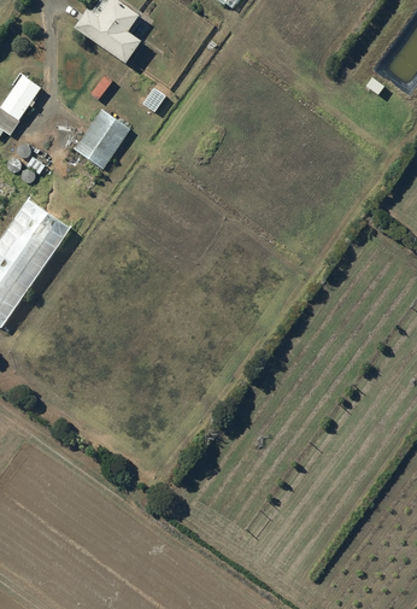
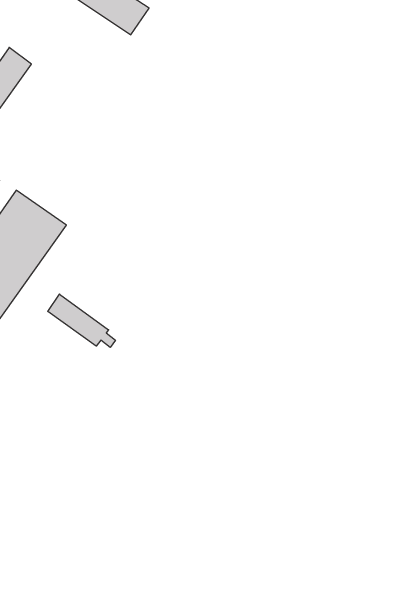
building: [71,110,128,170] -> none
building: none -> [48,294,115,347]

